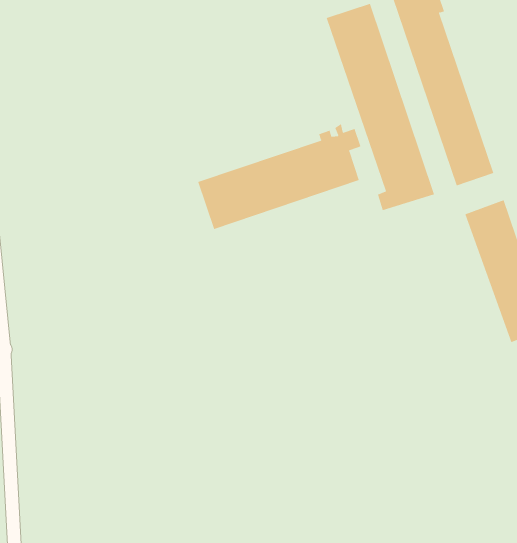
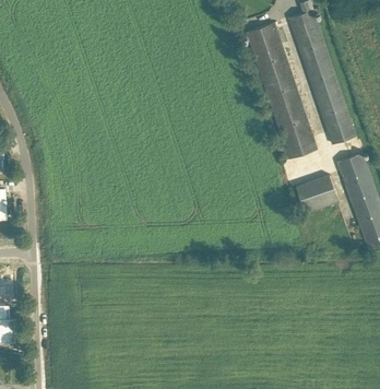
building: [198,123,361,230] -> none
building: none -> [290,175,339,215]

